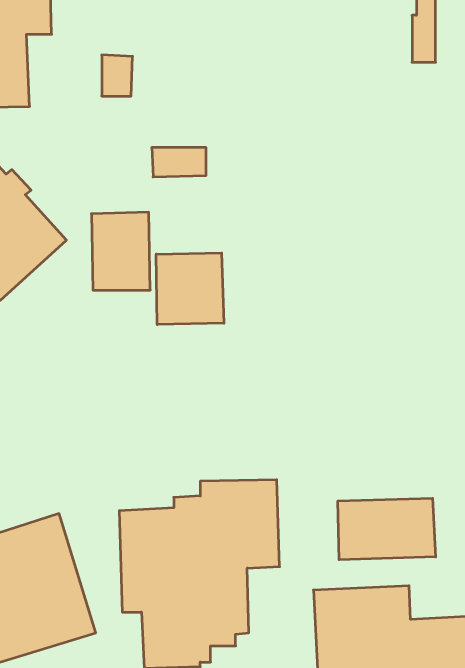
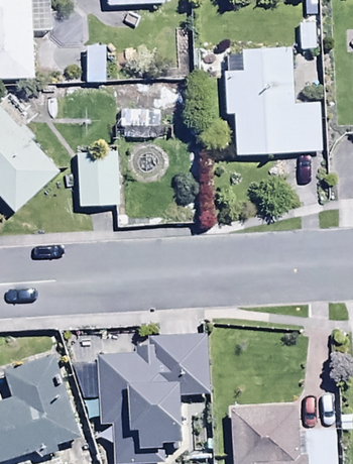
building: none -> [225,48,319,154]
building: [156,253,224,325] -> none
building: [338,498,436,560] -> none

